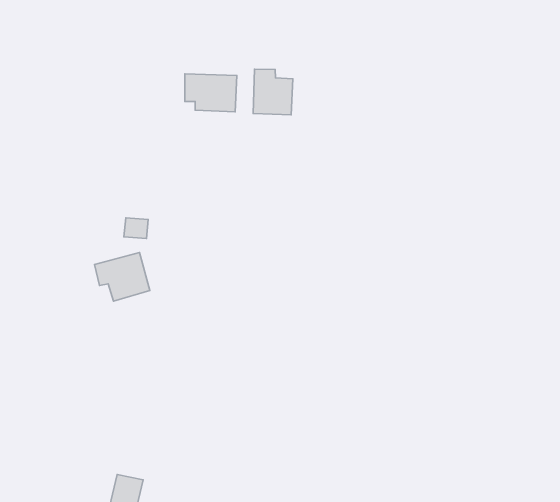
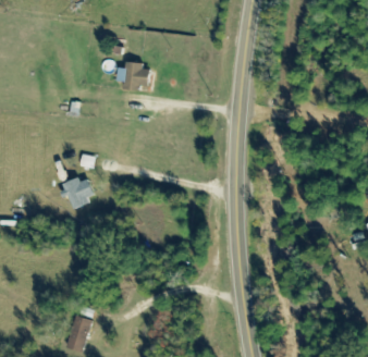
building: [253,69,293,115] -> none

